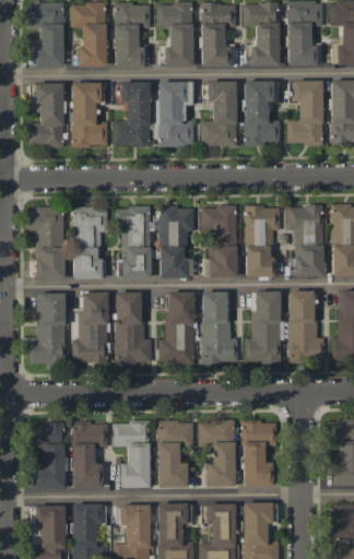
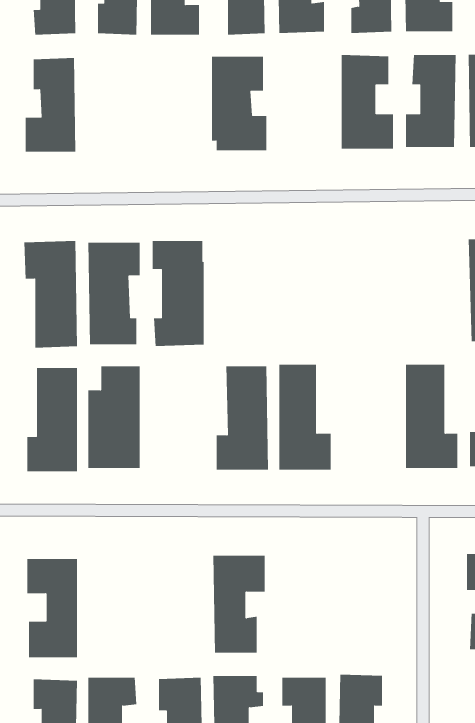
building: [115,82,151,146] -> none
building: [201,82,237,147] -> none
building: [72,83,108,147] -> none
building: [288,206,323,277] -> none
building: [160,207,194,277] -> none
building: [201,207,237,276] -> none
building: [245,207,281,277] -> none
building: [246,292,285,362] -> none
building: [116,293,152,362] -> none
building: [199,420,235,488] -> none
building: [243,421,278,487] -> none
building: [72,423,108,488] -> none
building: [114,423,150,488] -> none

